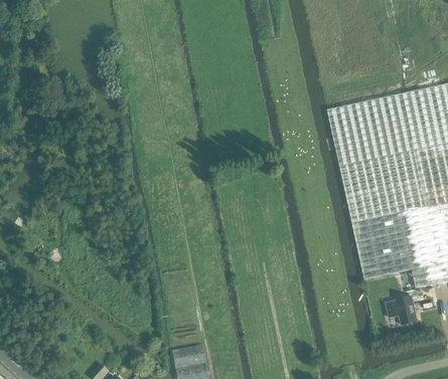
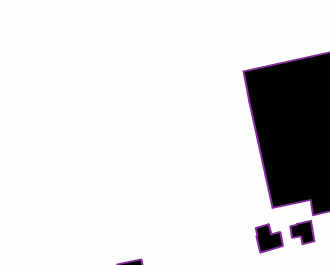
building: none -> [256,224,283,253]

